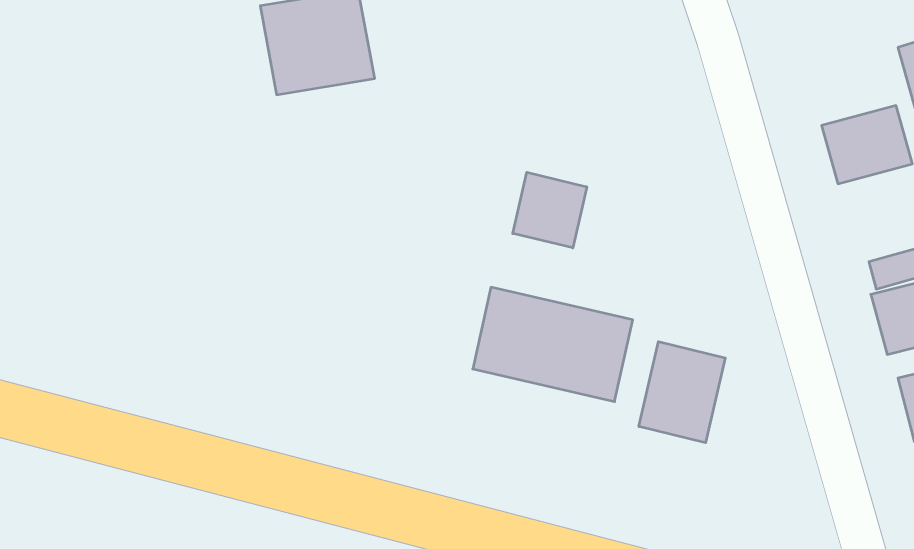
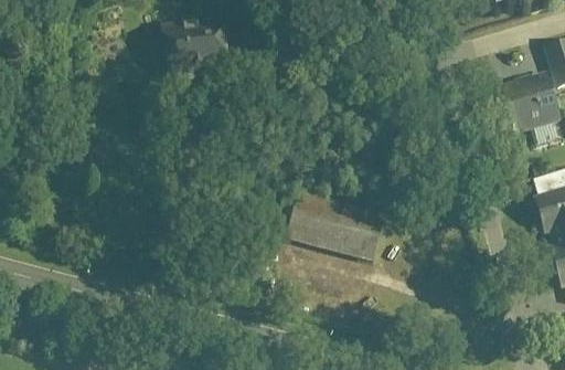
building: [513,172,587,248] -> none
building: [639,342,725,443] -> none

